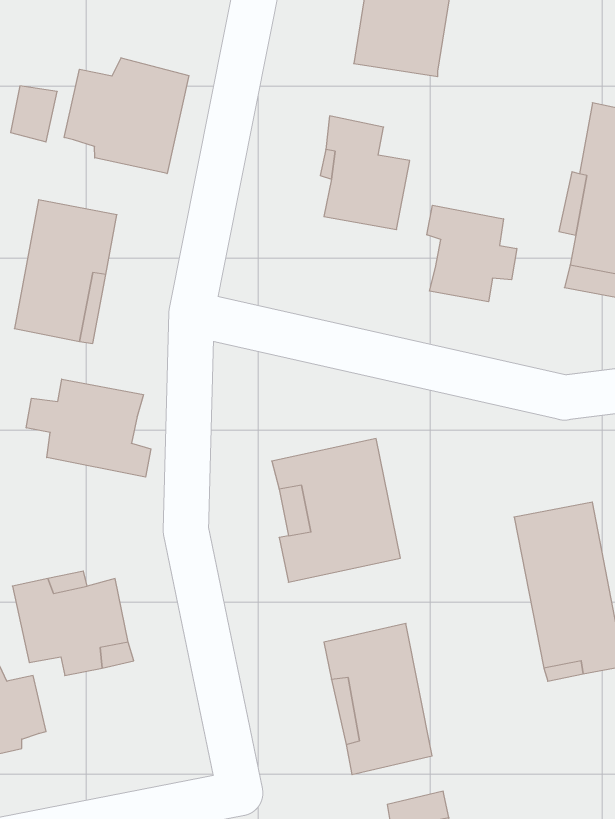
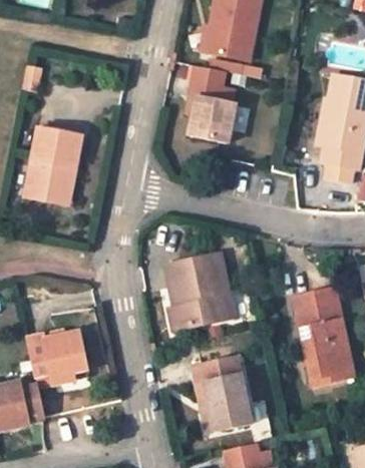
building: [64,58,189,174] -> none
building: [427,205,517,302] -> none
building: [26,379,151,477] -> none

